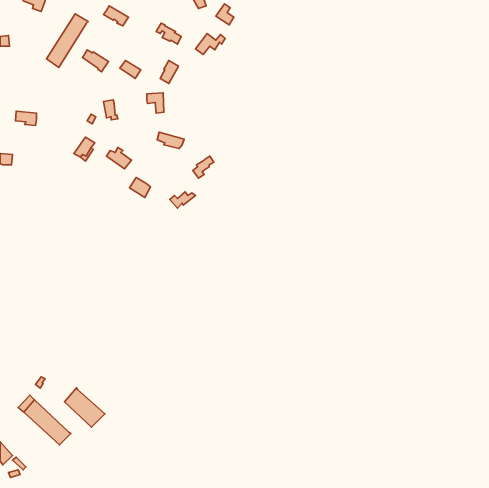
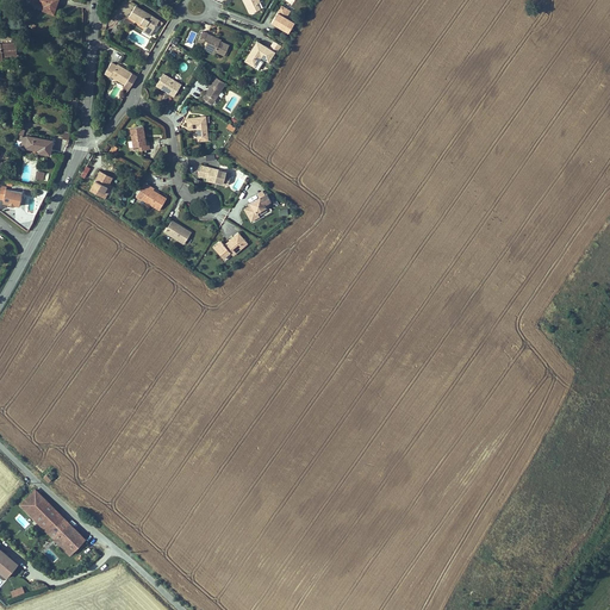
building: [46,14,88,68] -> none
building: [64,388,105,427] -> none

